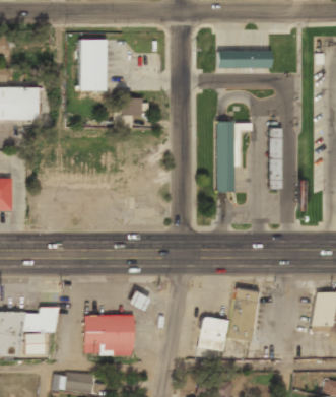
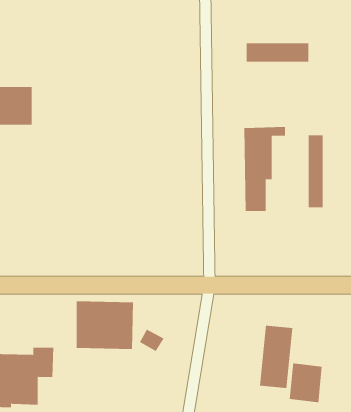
building: [79,40,107,91] -> none
building: [119,98,143,117] -> none
building: [84,315,133,355] -> [76,301,134,349]
building: [198,317,226,350] -> [289,363,323,403]

